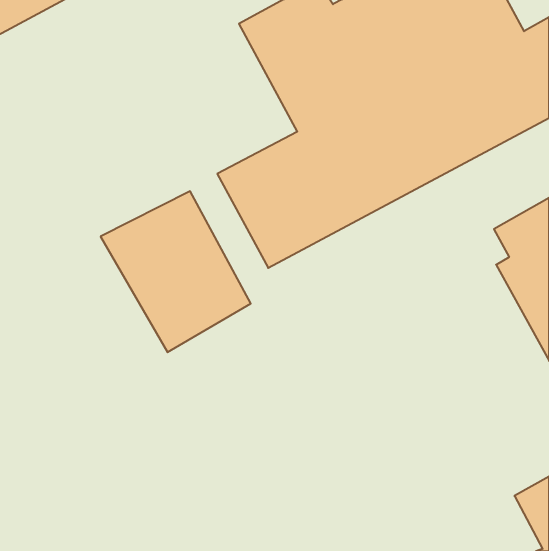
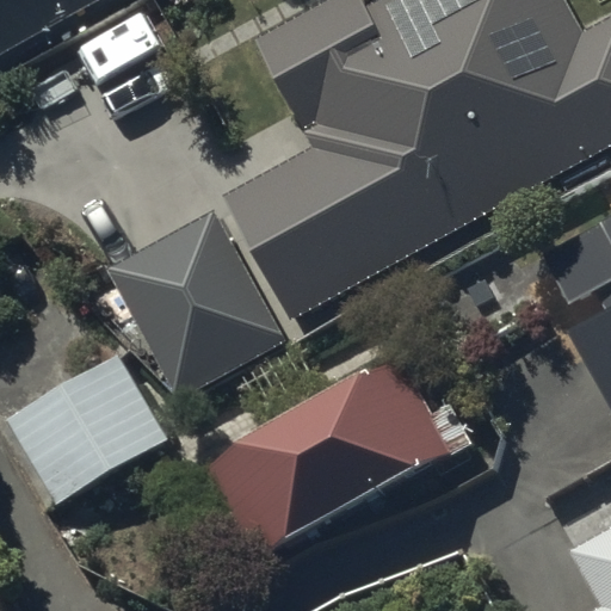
building: none -> [7,356,168,505]
building: none -> [212,364,449,560]

